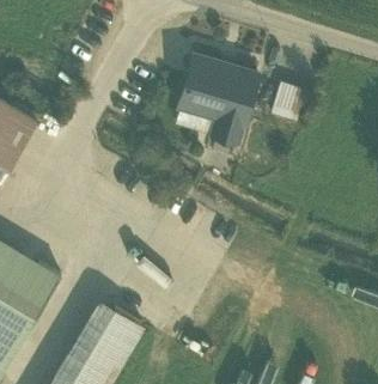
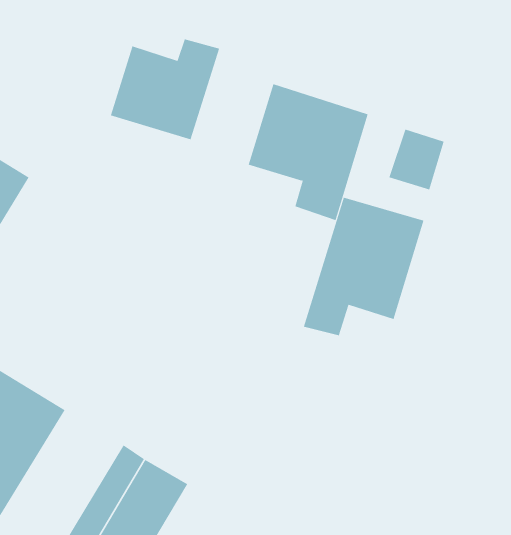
building: none -> [110,38,220,140]
building: none -> [303,197,424,336]

